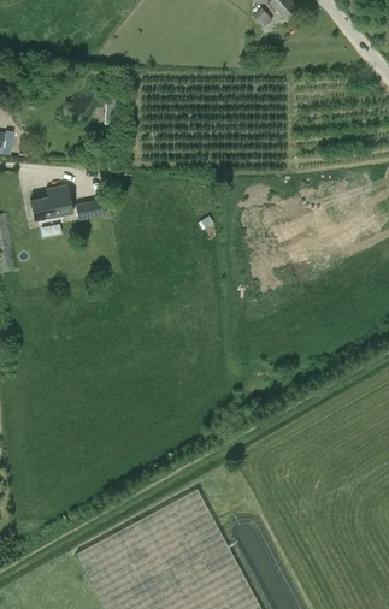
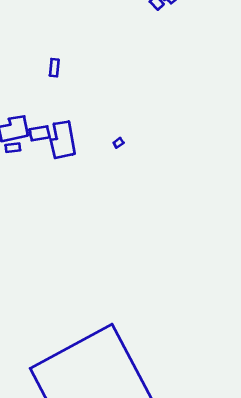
building: none -> [51,121,75,158]

